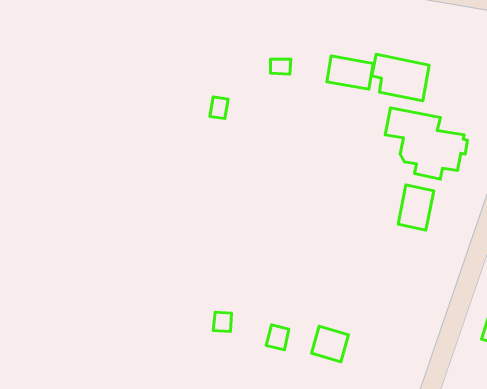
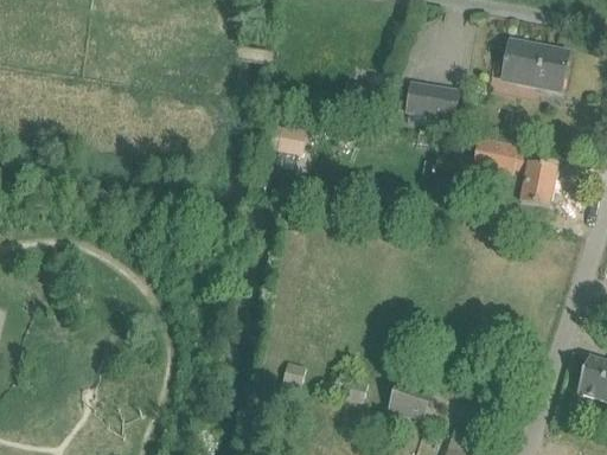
building: [372,54,429,101] -> [506,39,569,90]
building: [398,185,434,230] -> none

